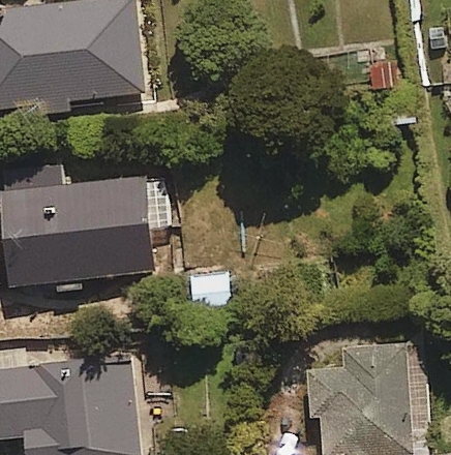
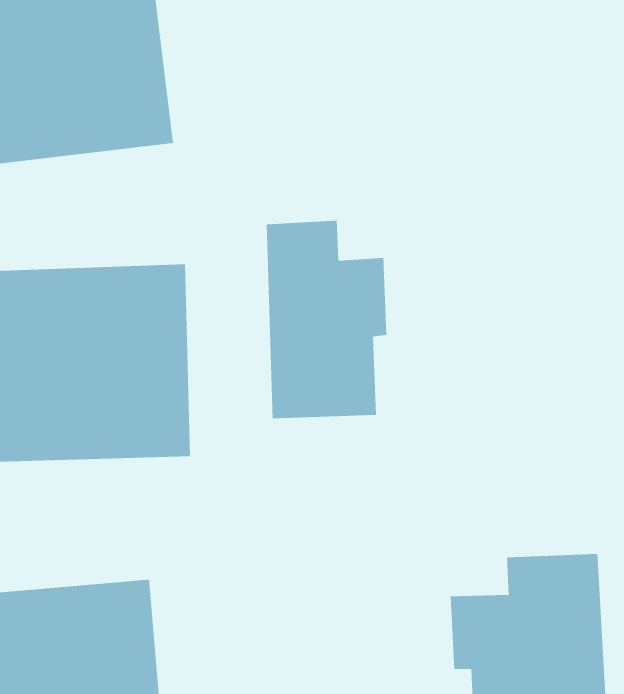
building: none -> [266,220,387,419]

